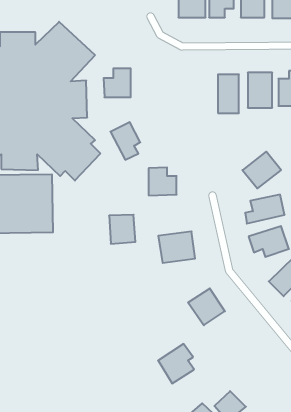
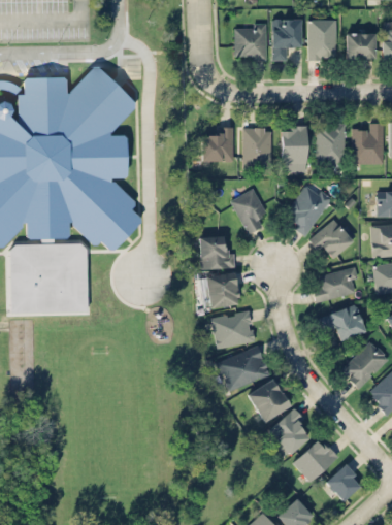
building: [104,68,131,97] -> [201,127,233,161]
building: none -> [243,128,272,169]
building: none -> [289,182,332,236]
building: [110,122,140,160] -> [231,189,266,233]
building: [109,215,135,244] -> [207,273,238,307]
building: none -> [216,346,270,392]
building: none -> [293,437,337,483]
building: [158,344,194,383] -> [266,411,308,457]
building: none -> [326,464,363,501]

